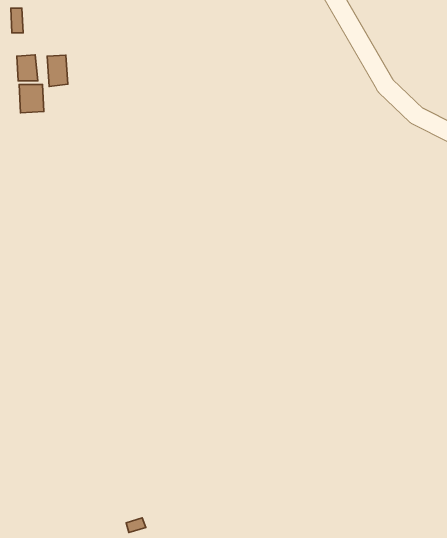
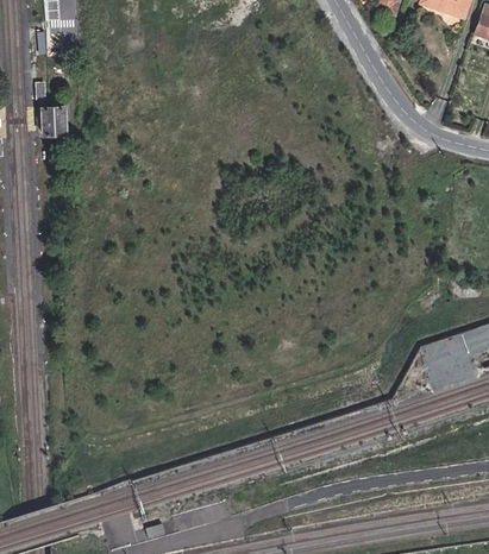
building: [47,55,68,86] -> none

